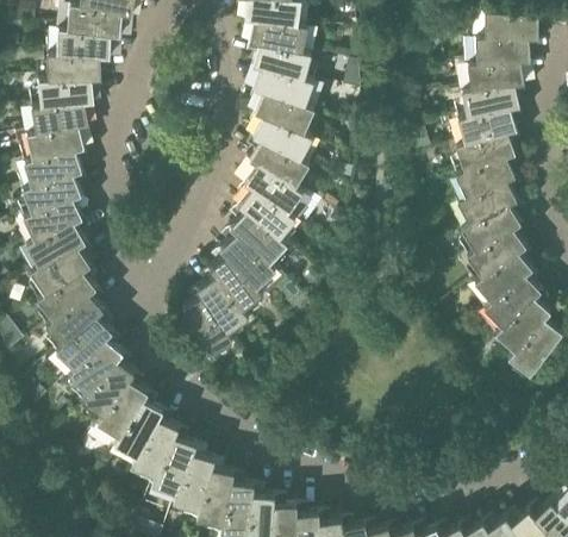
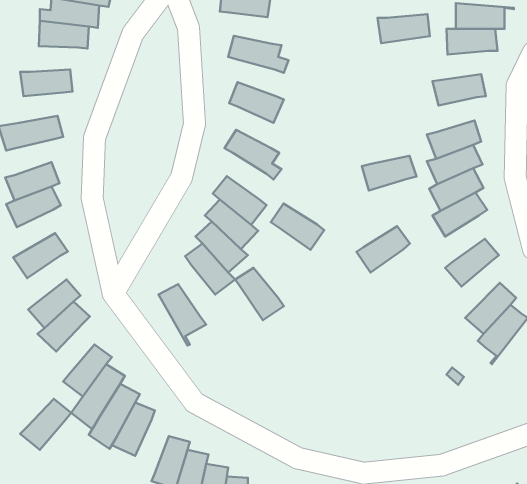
building: [250,23,304,55] -> none
building: [50,57,101,83] -> none
building: [469,62,523,92] -> [378,14,430,43]
building: [255,70,311,108] -> none
building: [35,105,88,136] -> none
building: [460,110,516,145] -> [362,156,417,191]
building: [252,119,310,162] -> none
building: [26,152,82,189] -> none
building: [245,167,300,214] -> [271,203,324,250]
building: [29,225,85,269] -> none
building: [469,231,524,279] -> [357,226,410,273]
building: [39,273,95,321] -> none
building: [486,277,539,329] -> none
building: [196,281,246,335] -> [235,268,284,320]
building: [70,342,123,394] -> [20,399,71,450]
building: [155,441,195,495] -> none

